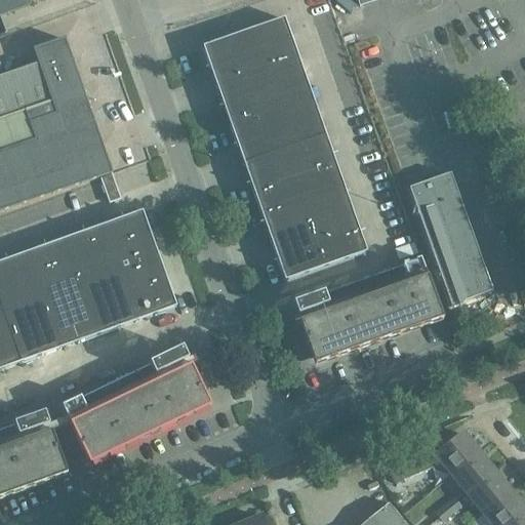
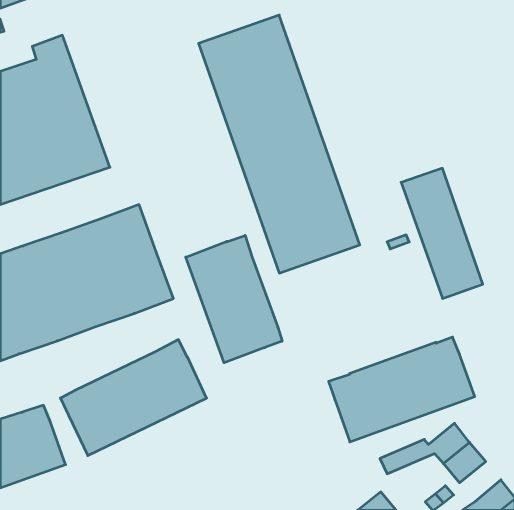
building: none -> [186,235,282,363]
building: [294,256,443,363] -> [329,337,475,442]
building: [469,470,511,511] -> none

